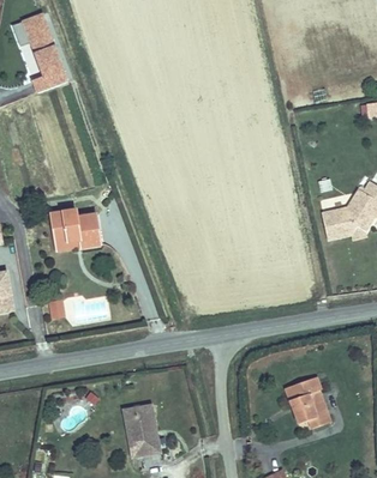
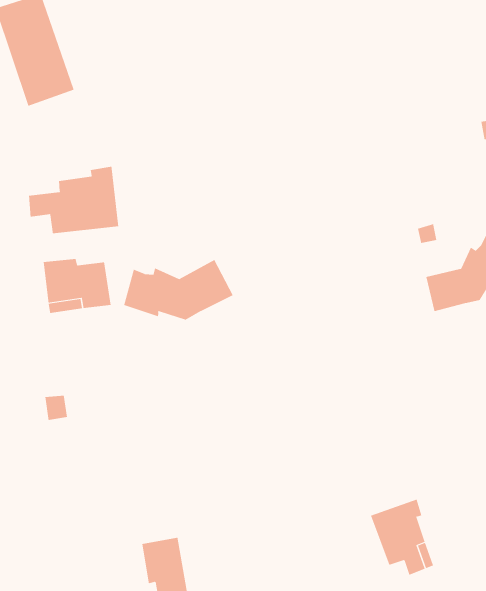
building: none -> [28,166,119,234]
building: none -> [124,259,233,320]

